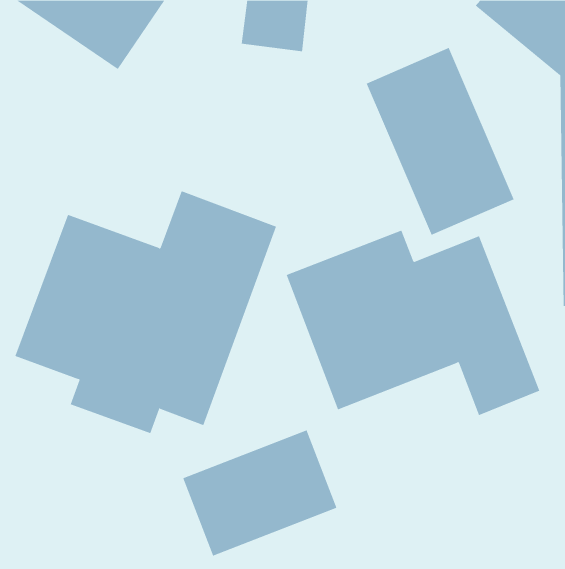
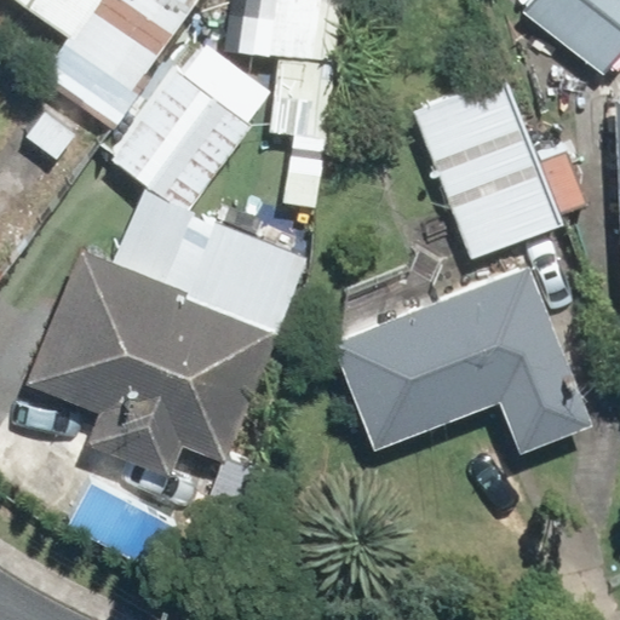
building: none -> [119,40,279,213]
building: [183,430,337,556] -> none

